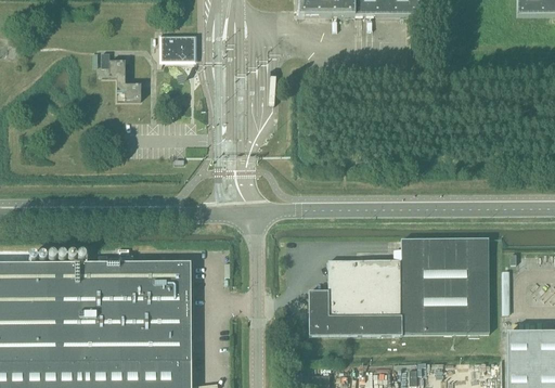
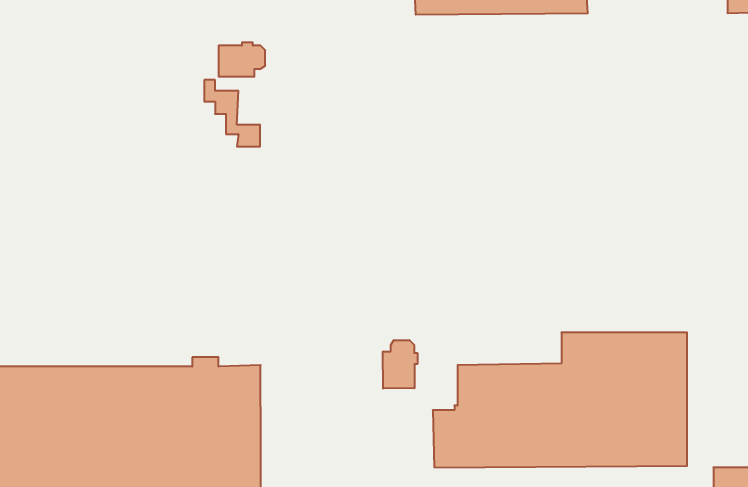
building: [101,53,140,100] -> [204,80,260,147]
building: none -> [383,340,417,389]

